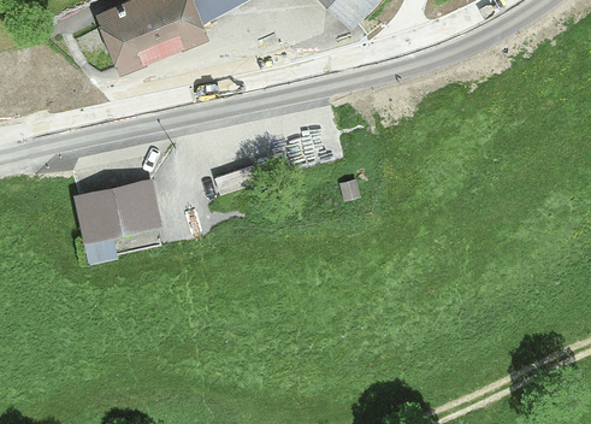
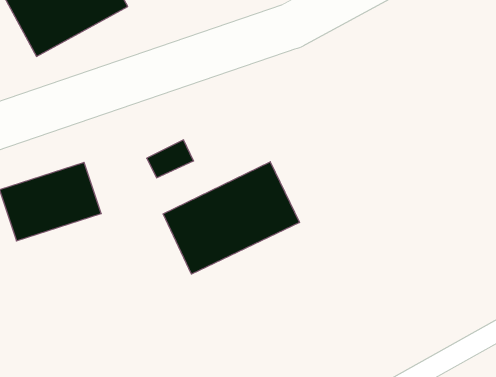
building: none -> [163,162,299,274]

